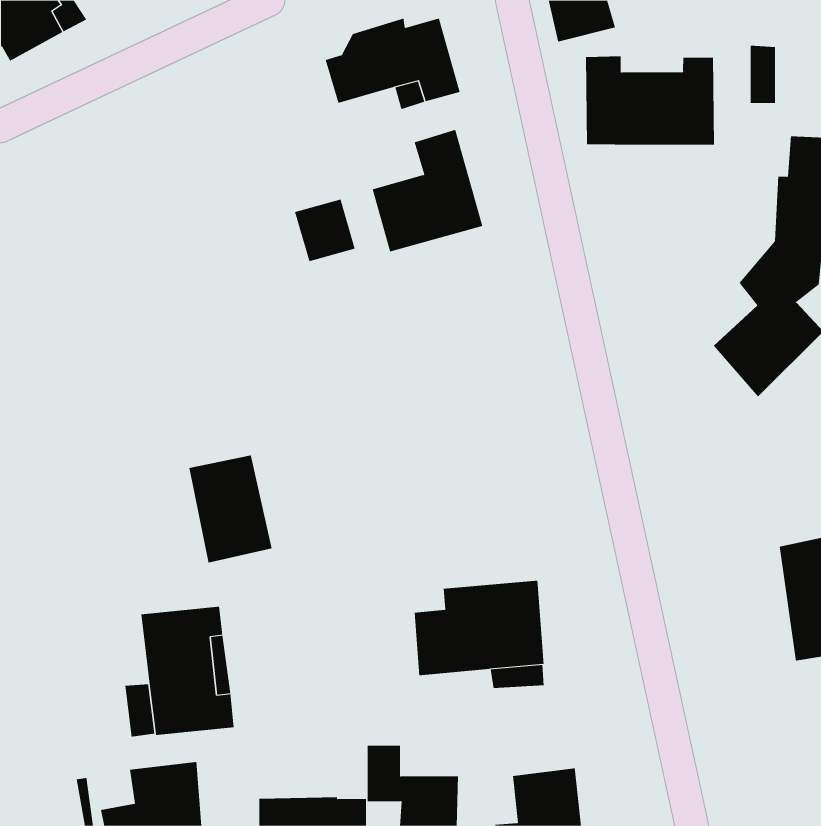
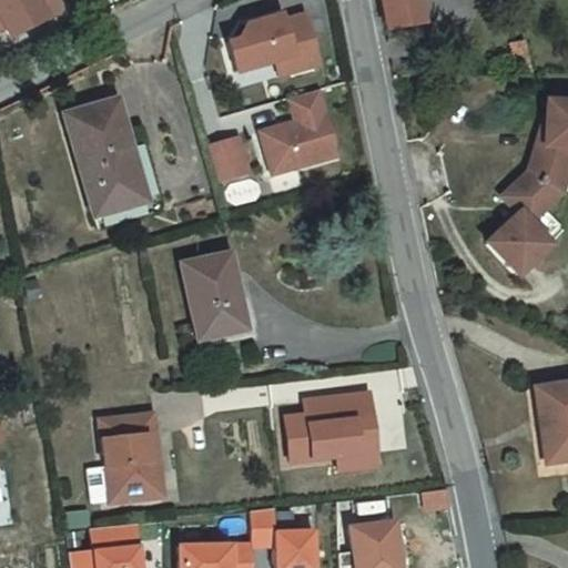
building: [585,56,715,146] -> none
building: none -> [62,93,143,210]
building: [188,455,273,563] -> [190,265,247,339]

